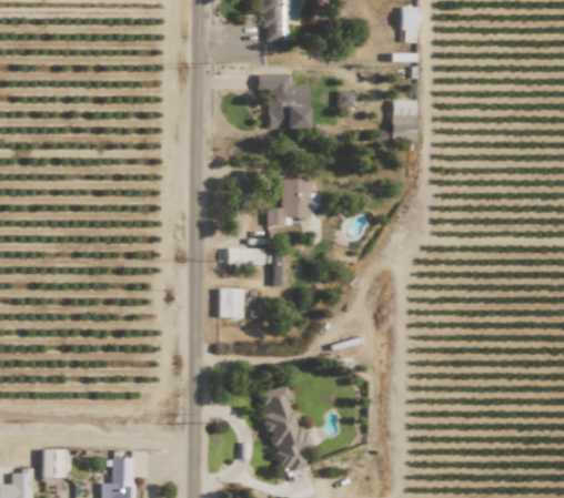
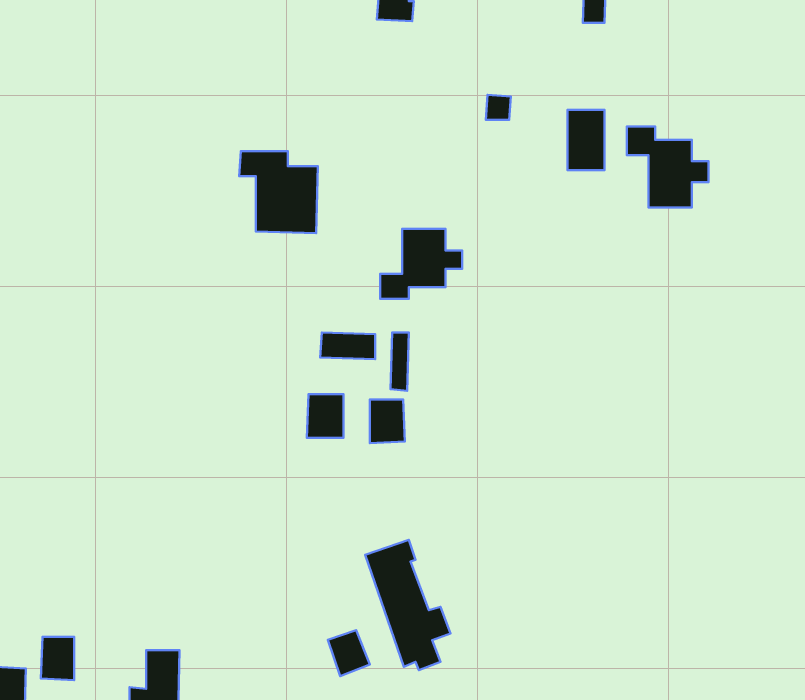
building: [258,74,310,129] -> [239,151,318,233]
building: none -> [627,126,709,207]
building: none -> [370,400,405,443]
building: none -> [328,630,370,676]

